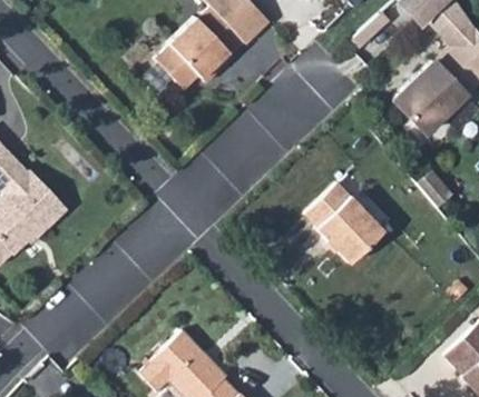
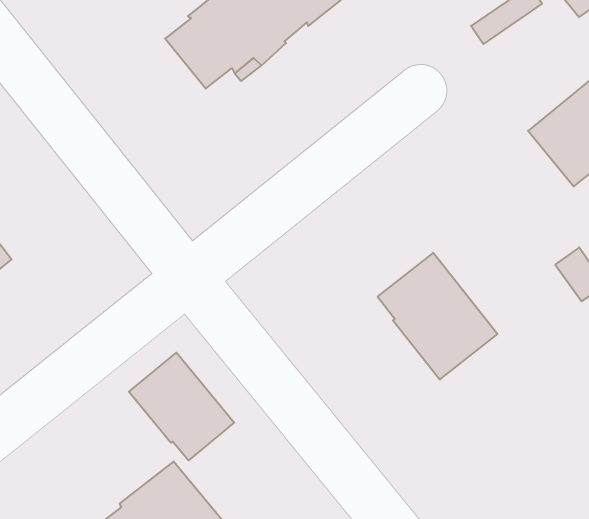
building: none -> [129,353,234,460]

